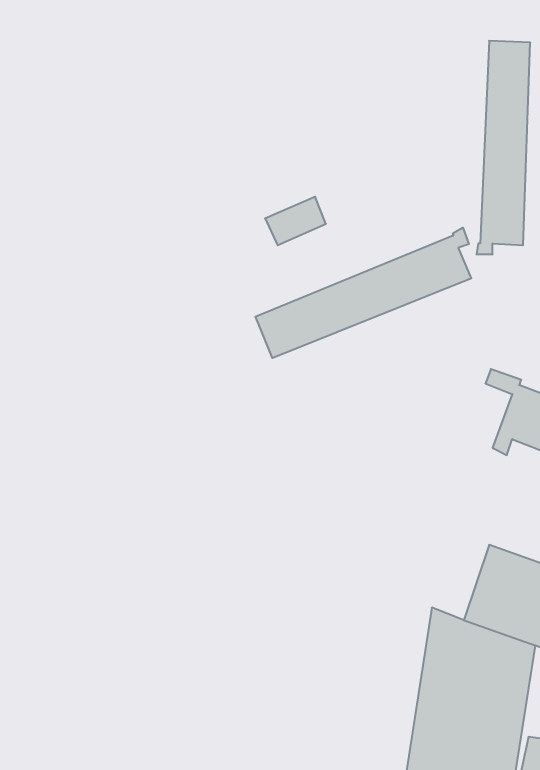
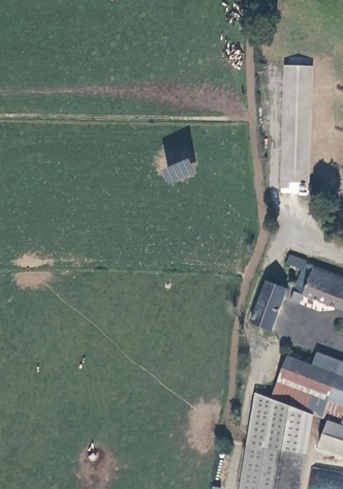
building: [255,228,471,358] -> none
building: none -> [250,281,285,332]

